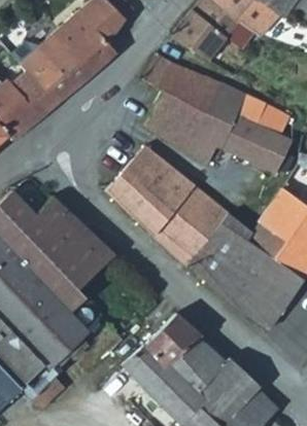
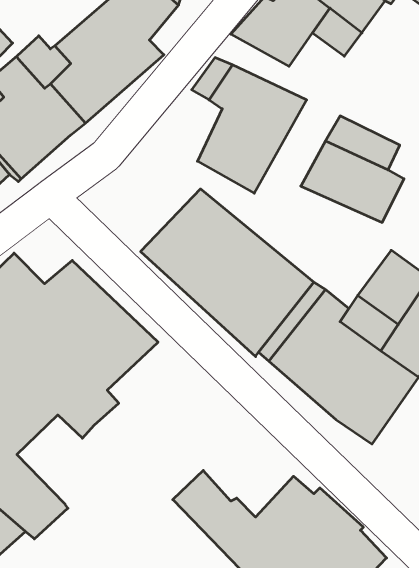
building: [183,83,244,163] -> none
building: [15,306,89,368] -> none
building: [147,313,211,378] -> none

